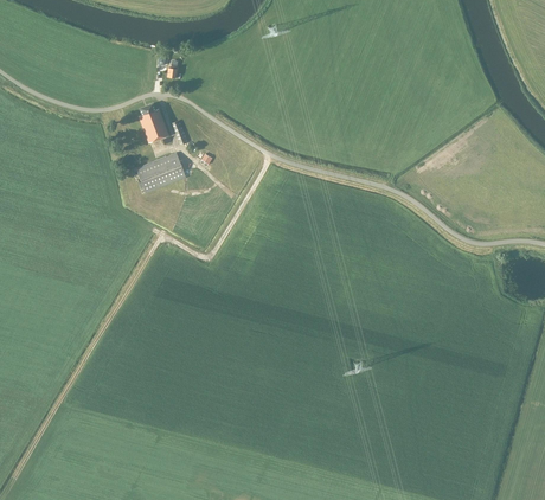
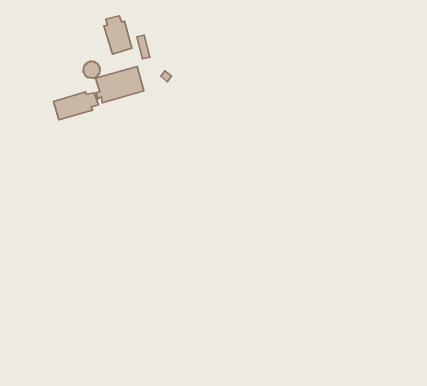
building: none -> [54,92,99,120]

